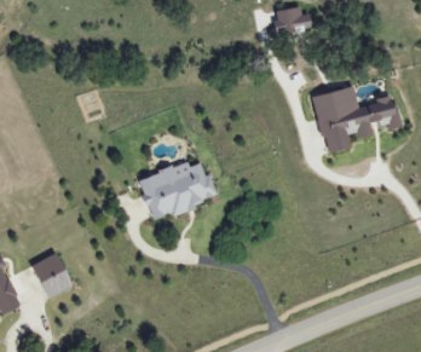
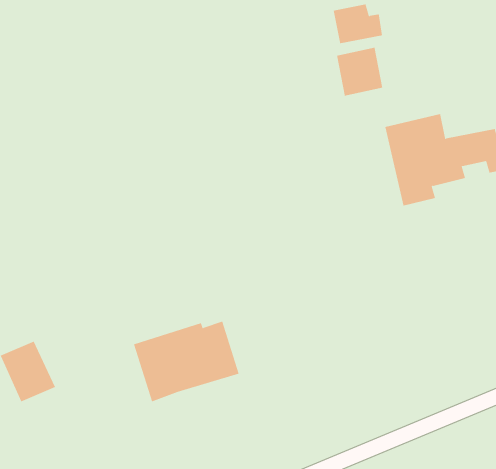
building: none -> [336,47,383,97]
building: [138,161,215,220] -> [133,321,240,402]

